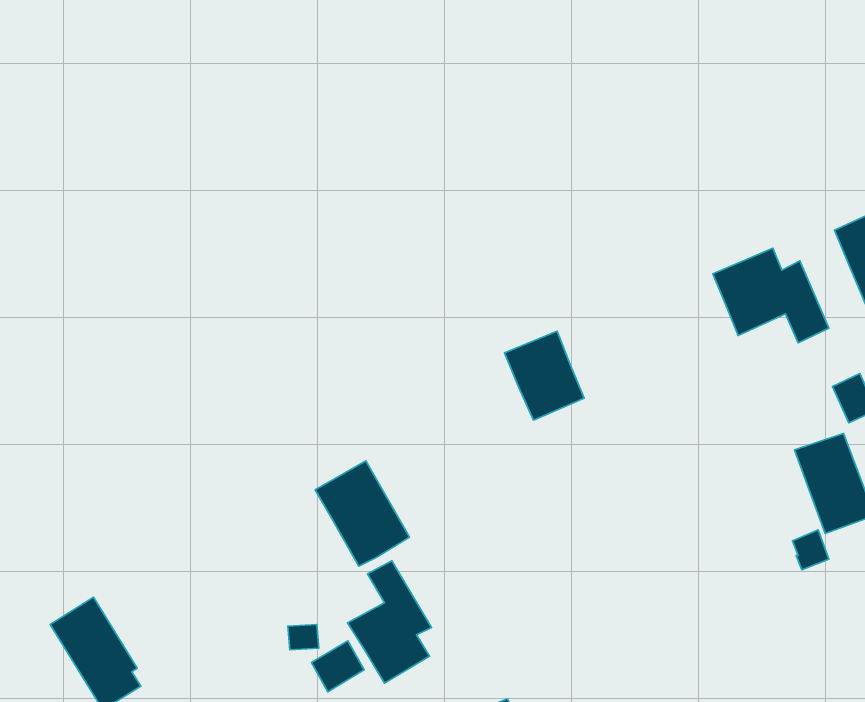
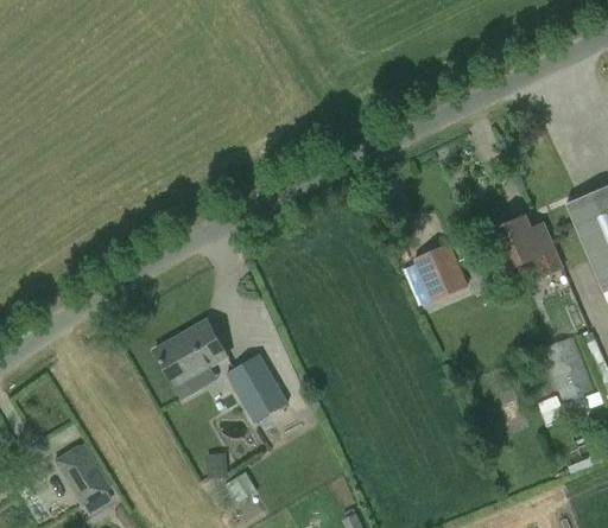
building: [504,331,584,420] -> [414,243,467,301]
building: none -> [156,320,228,386]
building: [348,561,431,683] -> none

